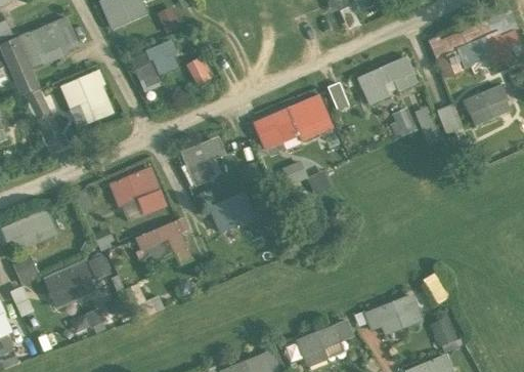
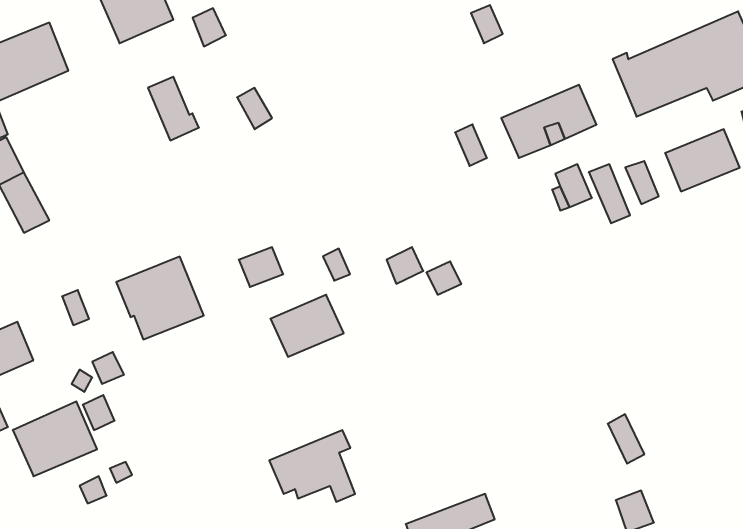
building: [146,41,178,76] -> none
building: [60,71,114,127] -> none
building: [254,94,333,150] -> none
building: [180,136,224,169] -> none
building: [136,218,191,264] -> [269,430,355,502]
building: [364,294,422,334] -> none

